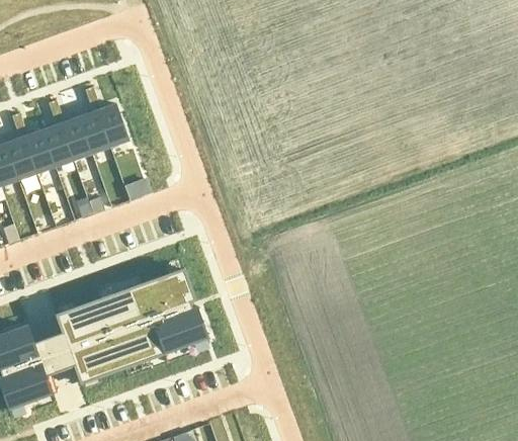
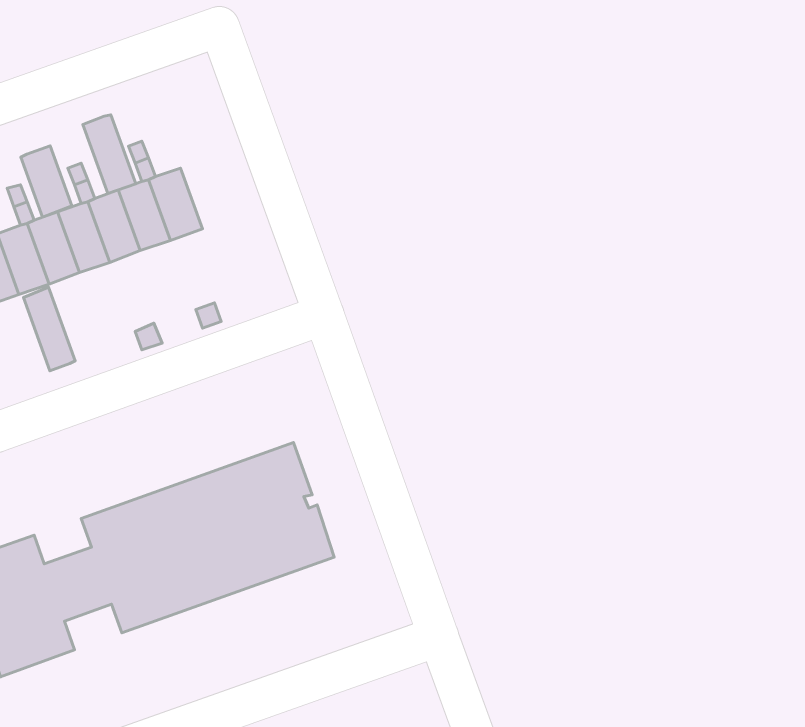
building: none -> [83,115,136,194]
building: none -> [21,146,72,217]
building: none -> [23,287,75,371]

